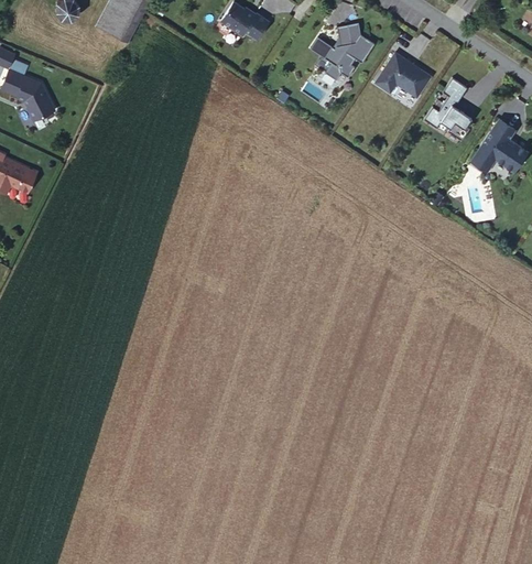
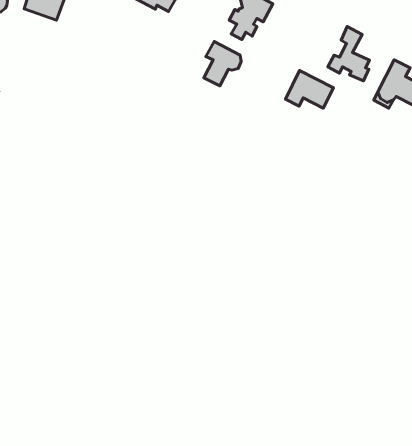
building: [374,55,430,100] -> [285,71,334,108]
building: none -> [204,41,241,86]

